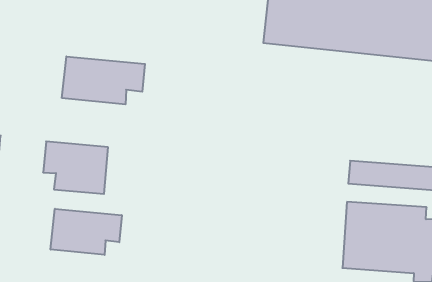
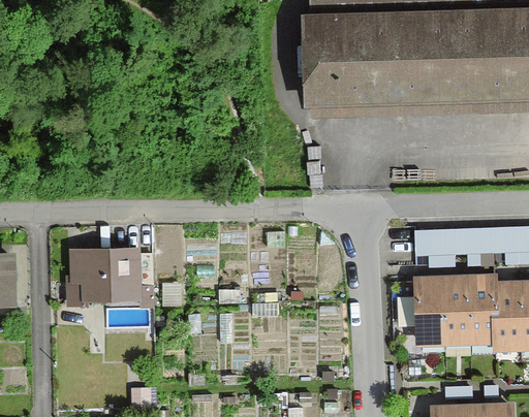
building: [62,56,145,104] -> none
building: [51,209,122,255] -> none

